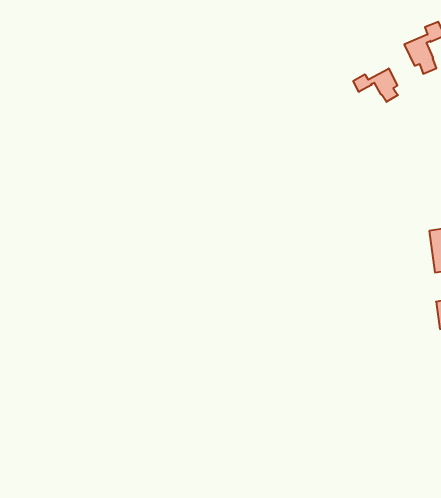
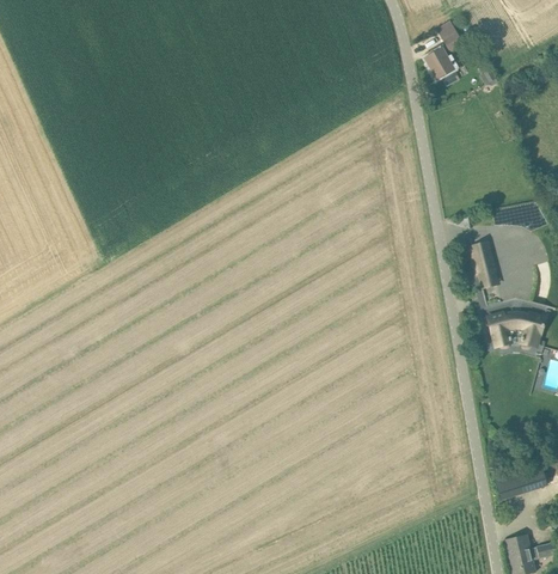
building: [353,68,398,102] -> none

